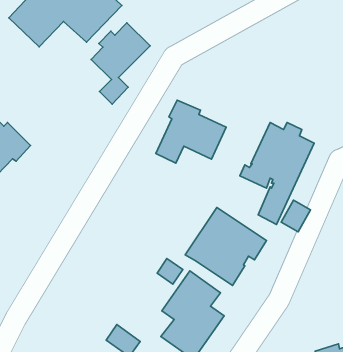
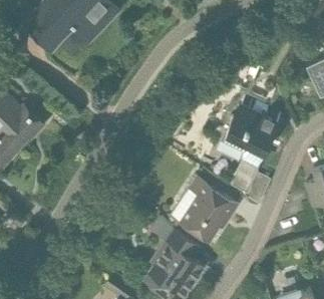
building: [91,23,150,104] -> none
building: [156,100,226,163] -> none

